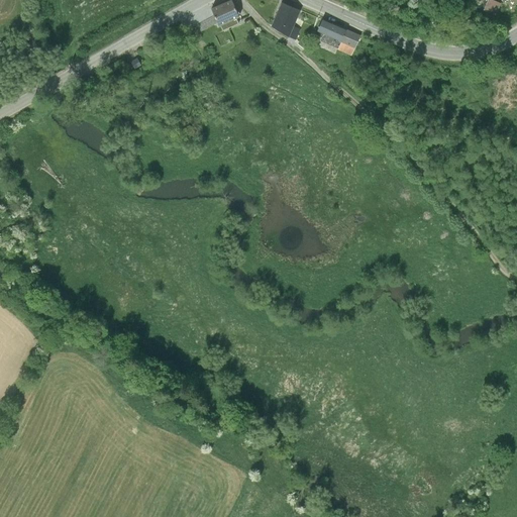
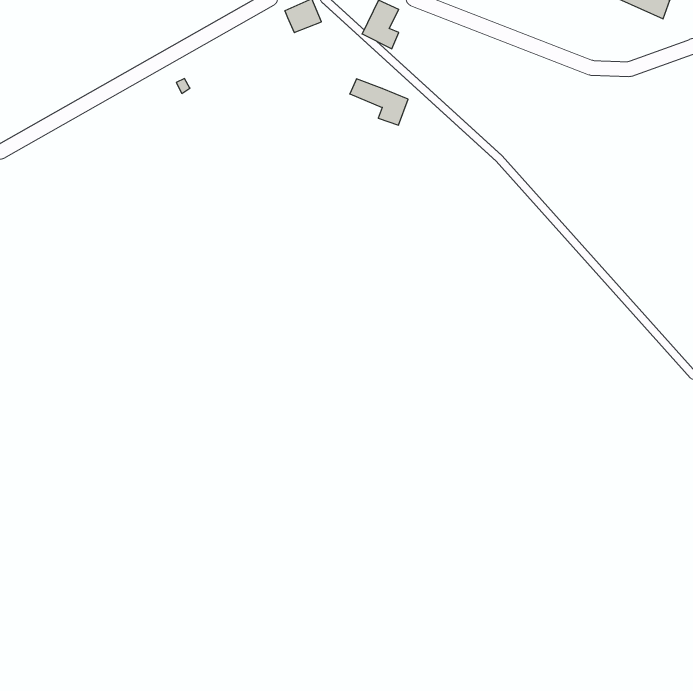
building: [316,19,359,54] -> [350,79,408,125]

